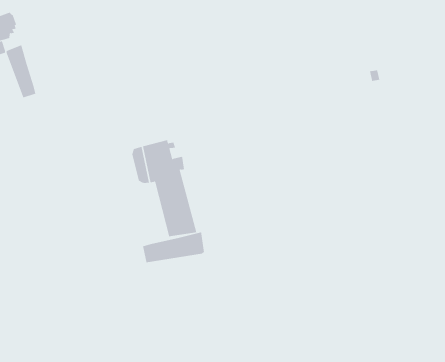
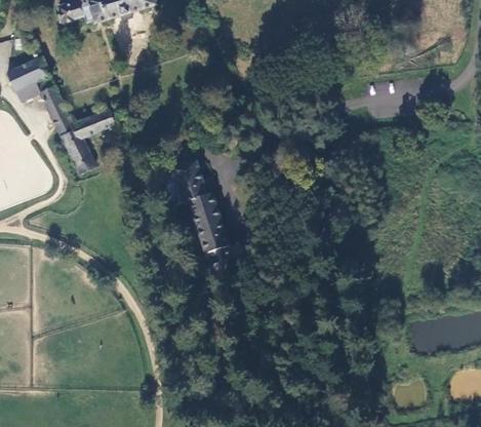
building: none -> [58,108,115,170]
building: [143,232,205,263] -> none

